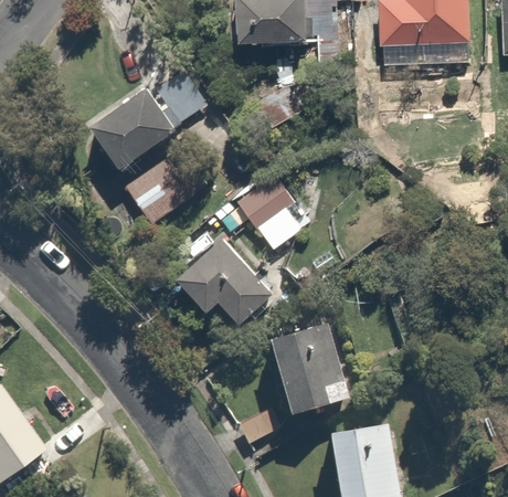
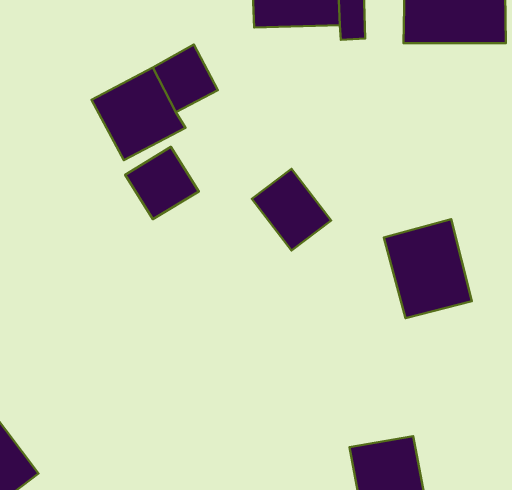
building: [179,239,281,330] -> none
building: [268,319,349,410] -> [384,219,472,318]

